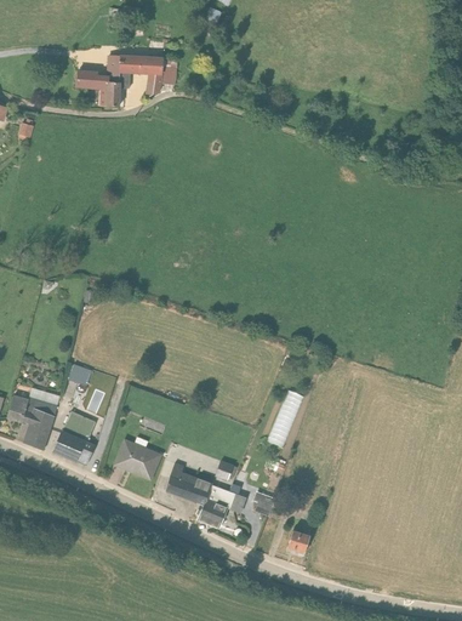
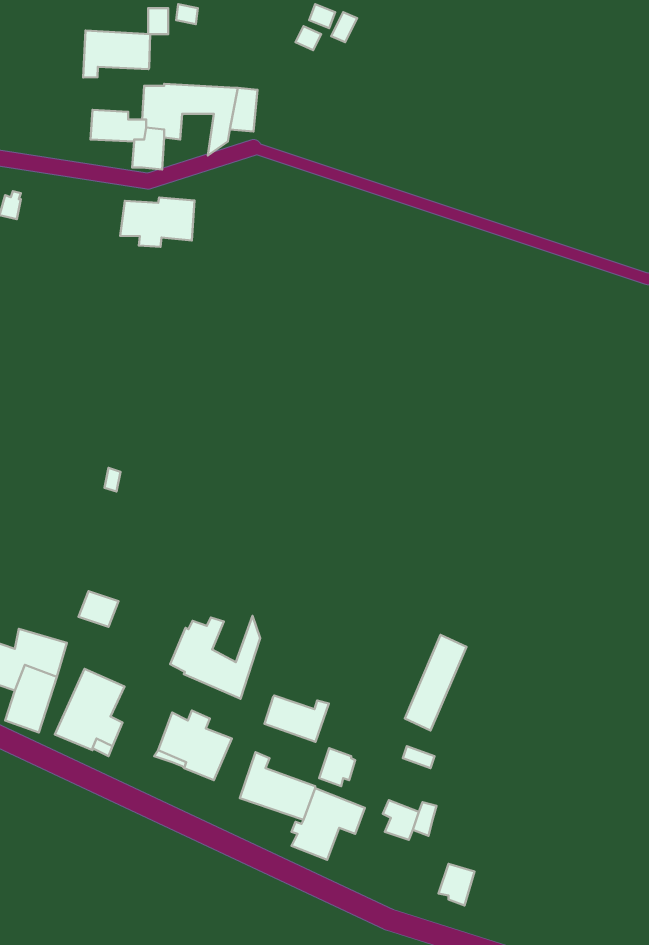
building: none -> [83,30,150,78]
building: none -> [120,197,194,247]
building: none -> [170,616,260,699]
building: none -> [264,695,329,742]

